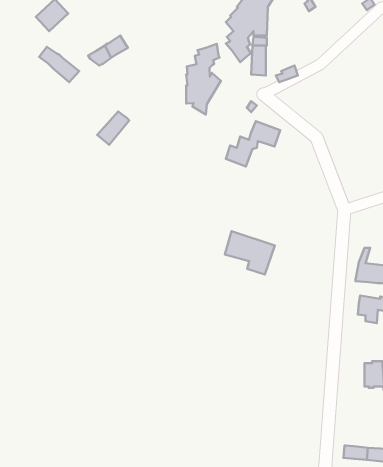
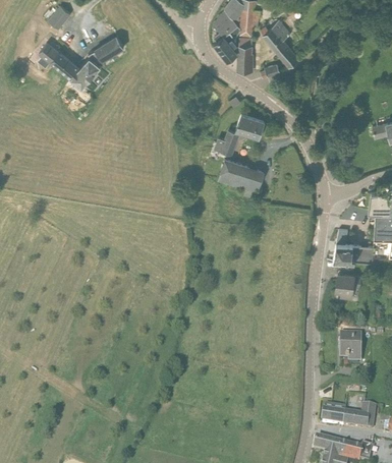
building: none -> [266,19,299,66]
building: [186,44,221,115] -> none
building: [97,112,129,145] -> [71,57,101,88]
building: [225,231,275,274] -> [219,159,265,198]

